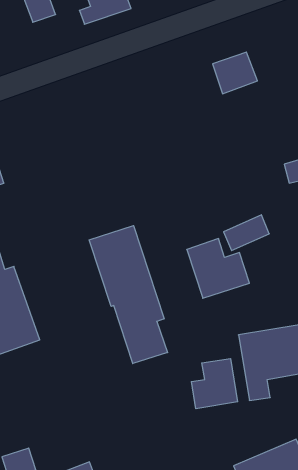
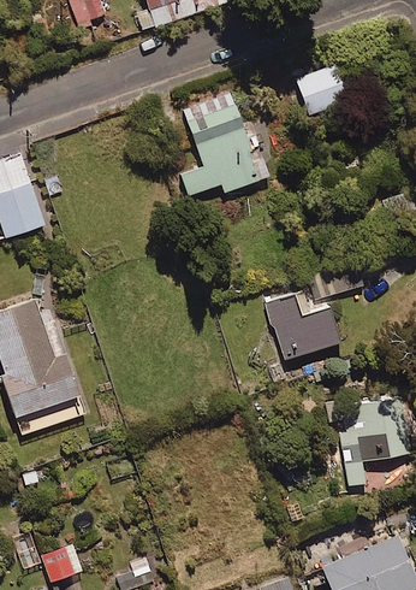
building: none -> [179,95,268,196]
building: [89,226,168,364] -> none
building: [191,359,238,409] -> none

